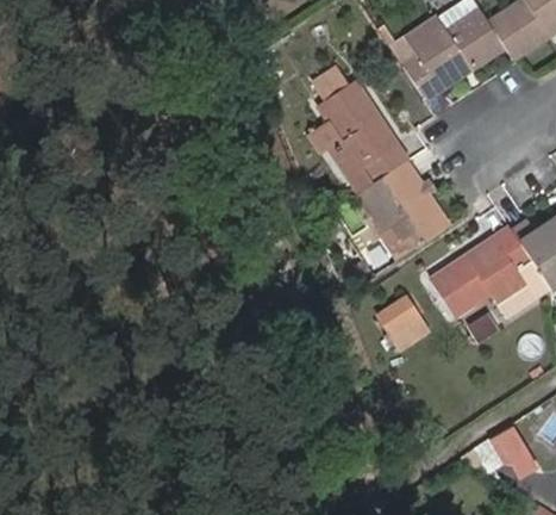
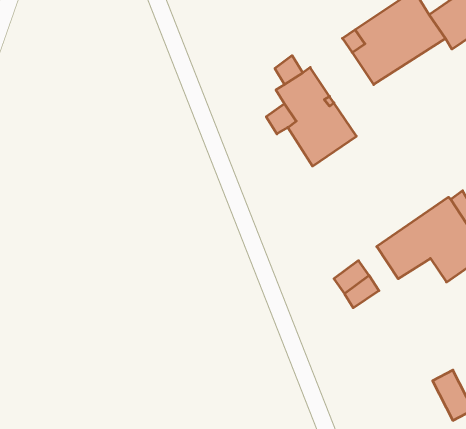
building: [355,157,450,259] -> none

